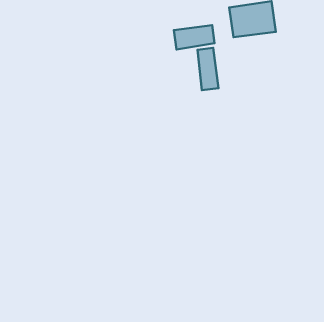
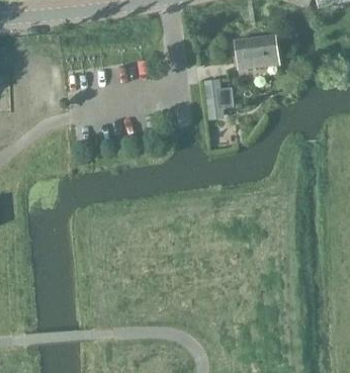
building: [174,25,215,49] -> none

